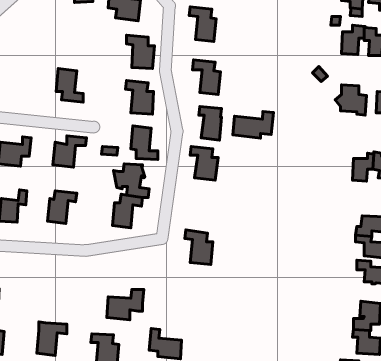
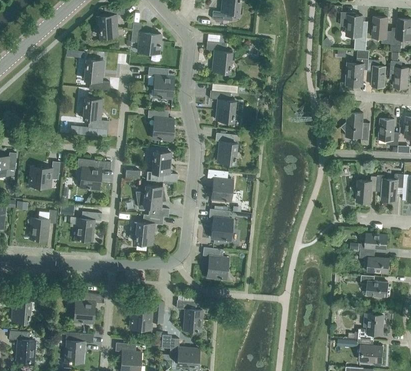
building: none -> [84,60,110,91]
building: [233,112,274,138] -> none
building: none -> [209,210,232,241]
building: none -> [72,292,104,324]
building: none -> [176,301,202,332]

